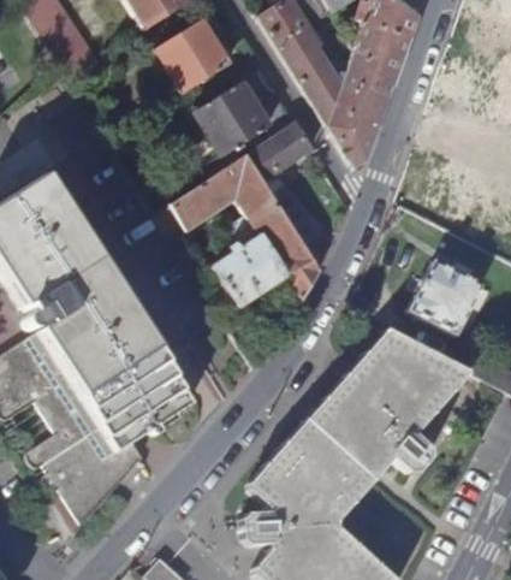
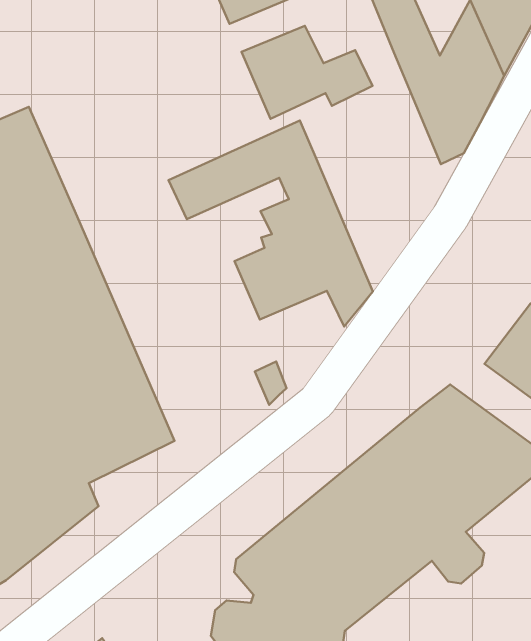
building: [248,118,314,178] -> none

